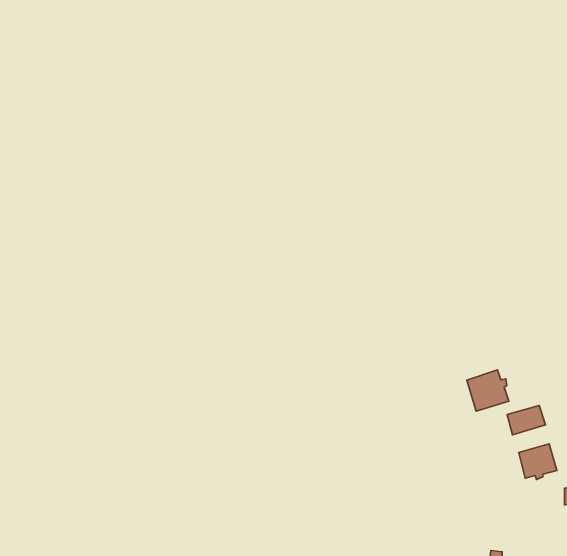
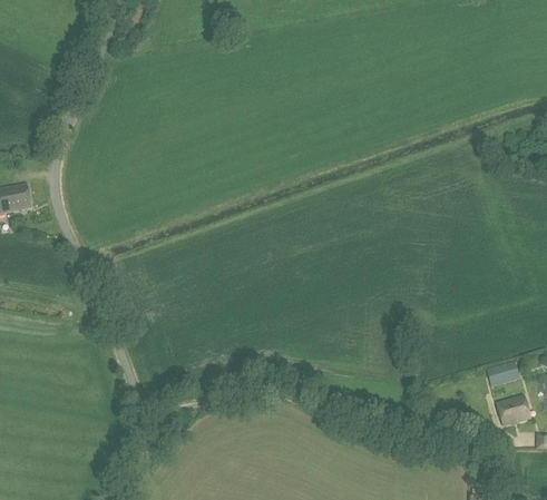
building: [467,370,509,411] -> none

